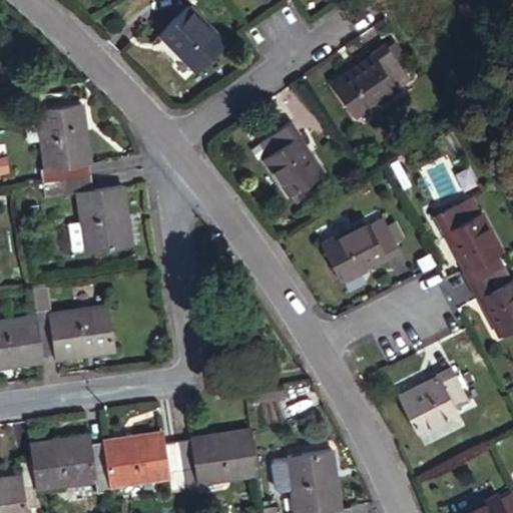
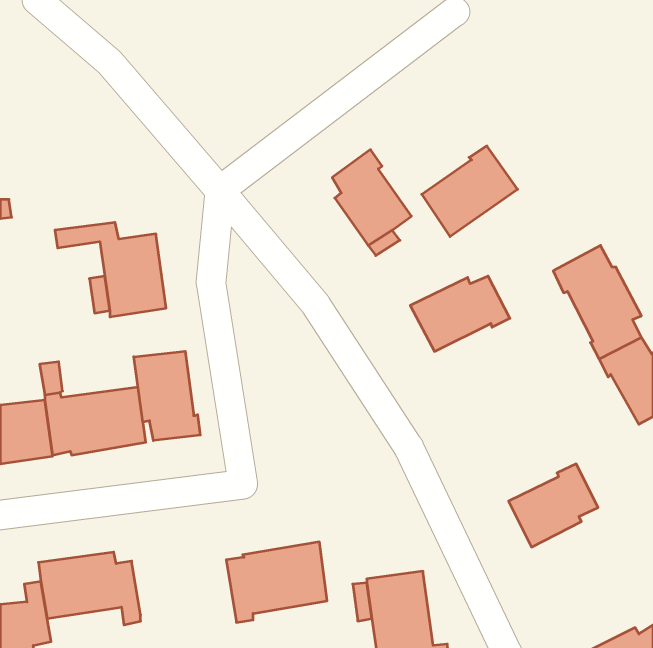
building: [161,8,225,72] -> none
building: [334,46,409,117] -> [422,146,518,237]
building: [38,106,91,184] -> none
building: none -> [134,351,200,441]
building: [103,434,185,493] -> none

